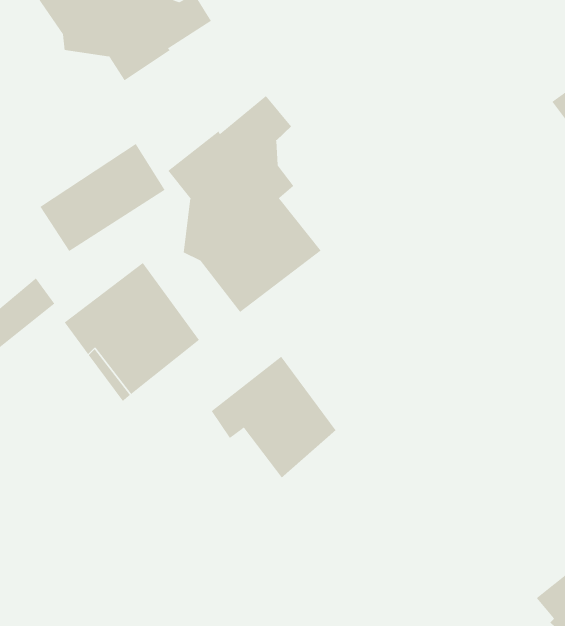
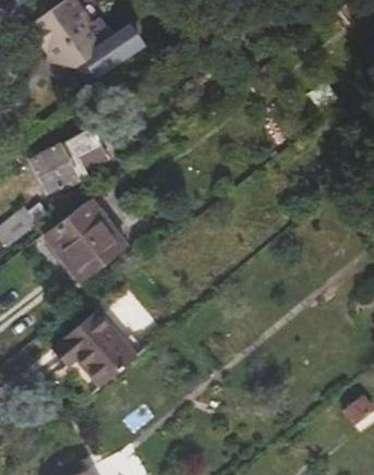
building: [167,95,321,313] -> none
building: [211,356,336,478] -> [59,306,138,383]

